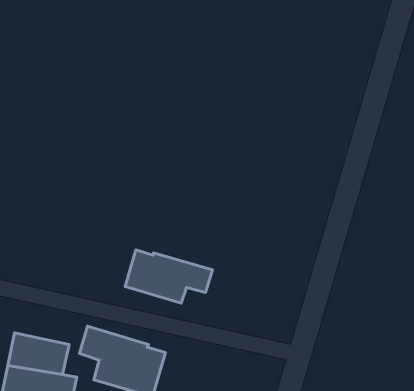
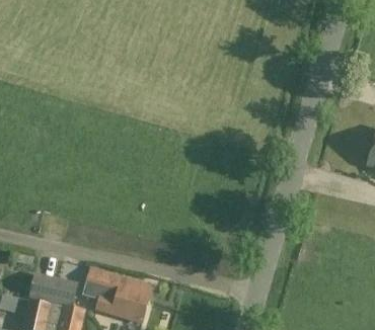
building: [125,250,212,303] -> none

